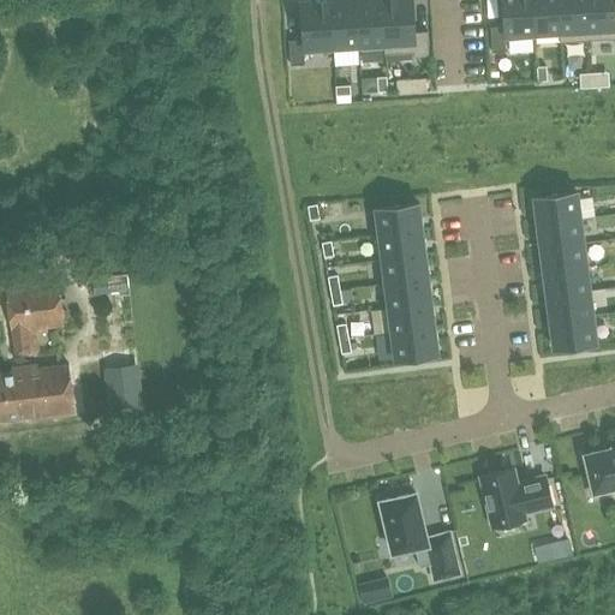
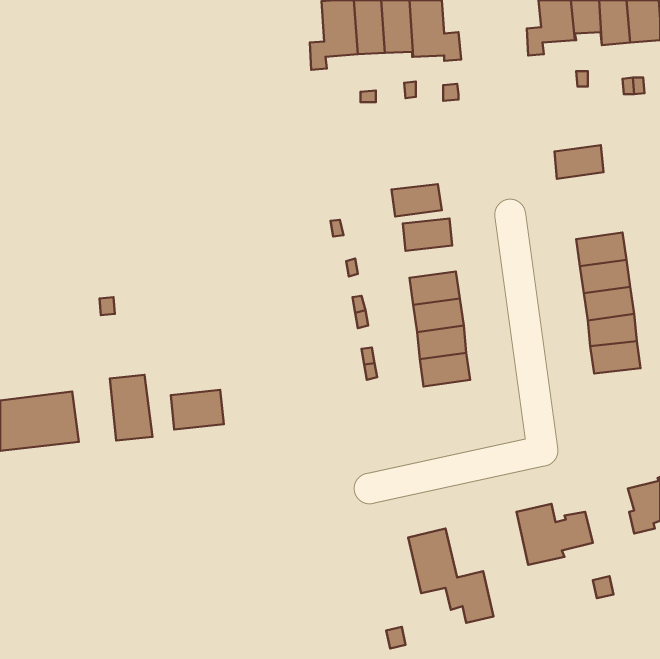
building: [533,192,579,223] -> [554,145,603,179]
building: [377,229,424,259] -> [391,184,442,217]
building: [6,282,62,356] -> none
building: none -> [171,390,224,429]

